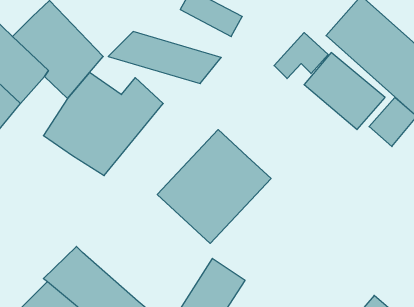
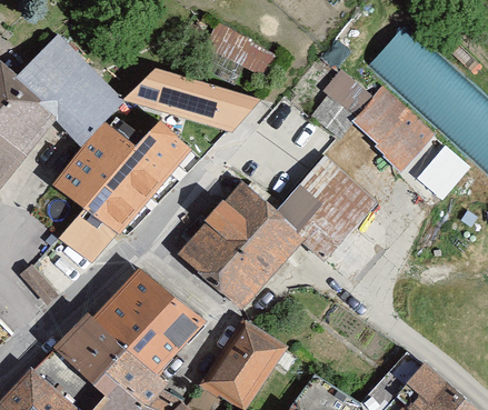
building: none -> [280,154,390,257]
building: none -> [60,208,121,261]
building: none -> [97,266,203,370]

